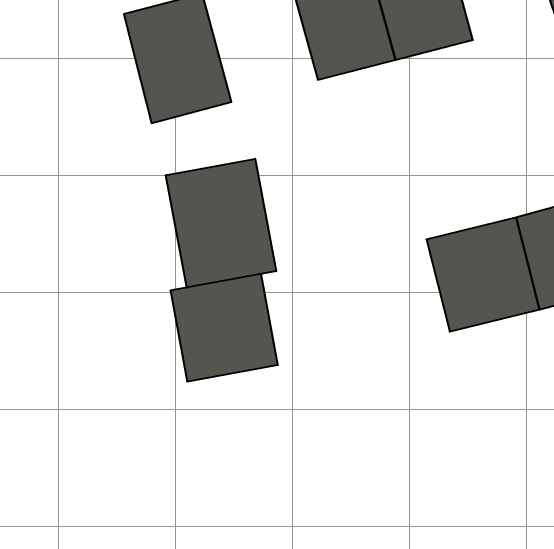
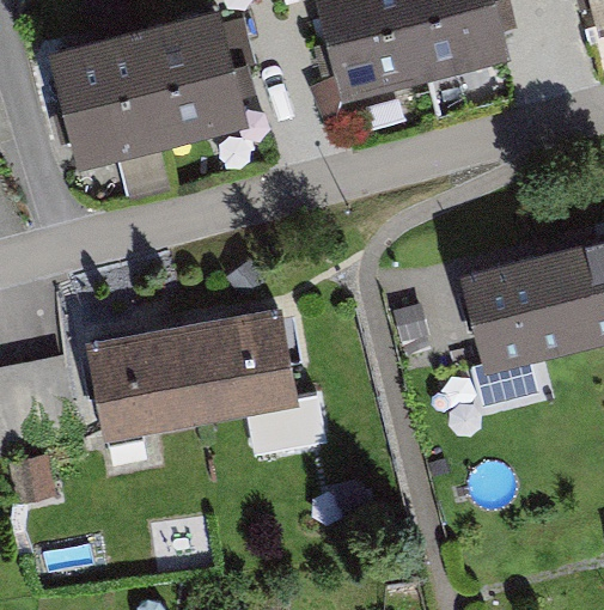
building: none -> [48,31,164,170]
building: [166,159,276,288] -> none
building: none -> [86,329,202,444]

